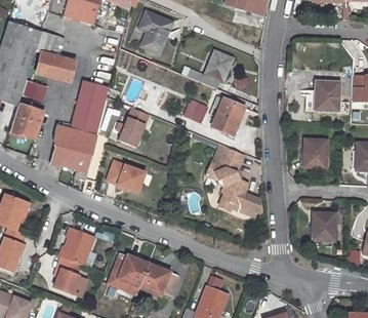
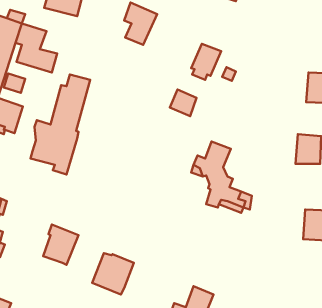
building: [212,98,245,135] -> none
building: [118,110,151,148] -> none
building: [106,161,144,192] -> none
building: [54,257,81,294] -> none
building: [140,264,177,300] -> none

